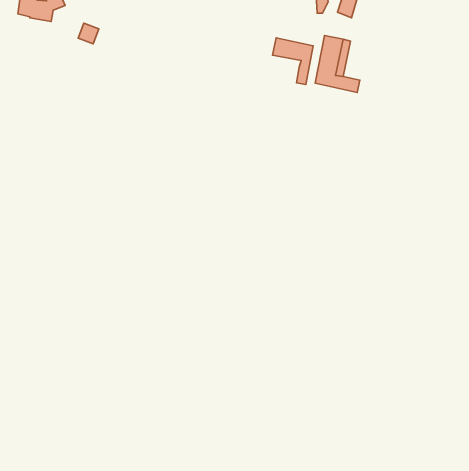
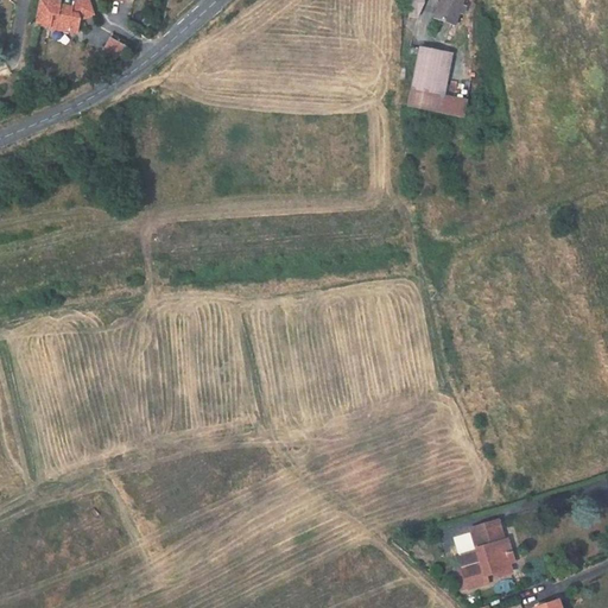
building: [273,38,313,84] -> none
building: none -> [458,520,509,589]

